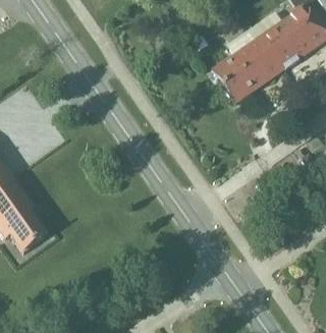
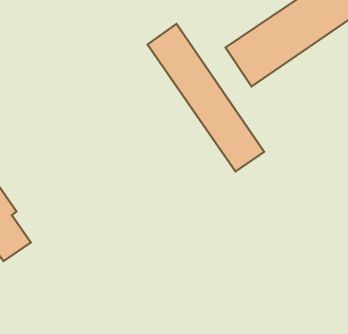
building: none -> [148,24,264,172]

